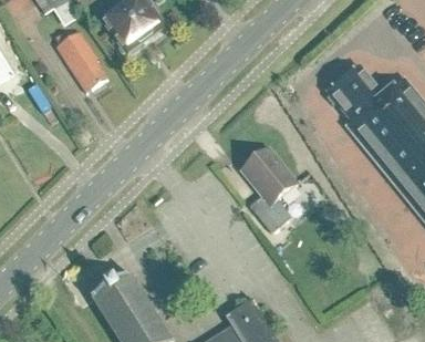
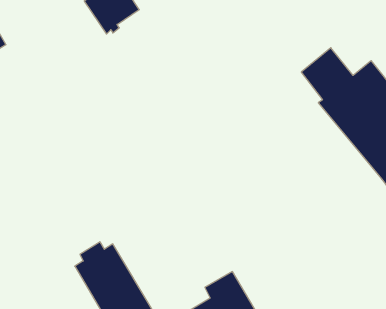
building: [55,30,104,85] -> none
building: [240,146,297,231] -> none

